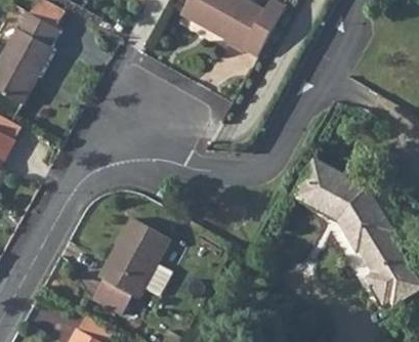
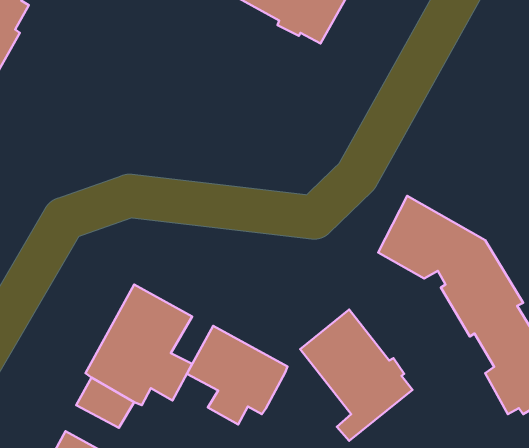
building: none -> [300,310,413,441]
building: none -> [187,326,287,424]

